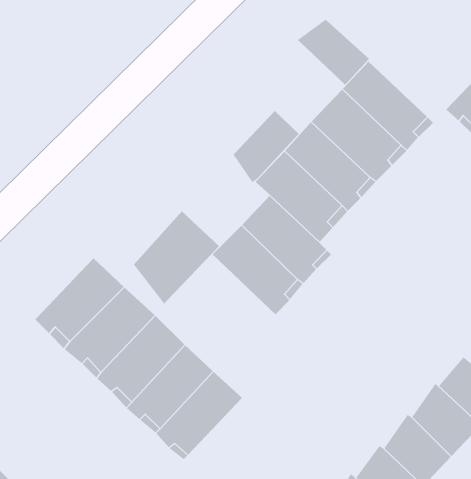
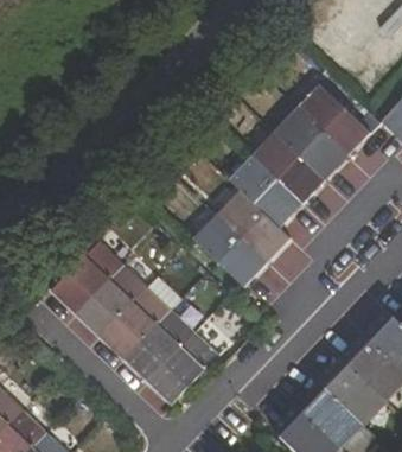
building: [297,19,370,86] -> none
building: [233,110,299,183] -> none
building: [133,211,220,305] -> none

